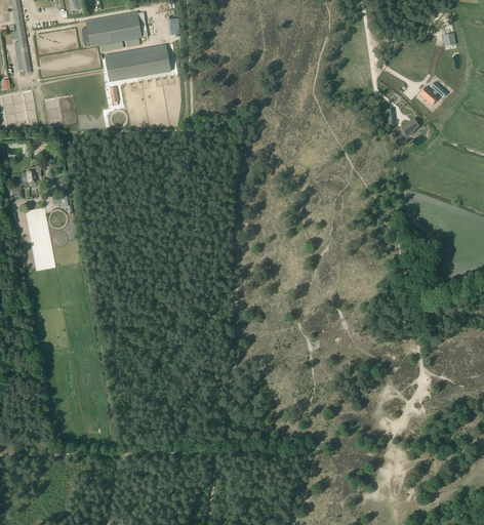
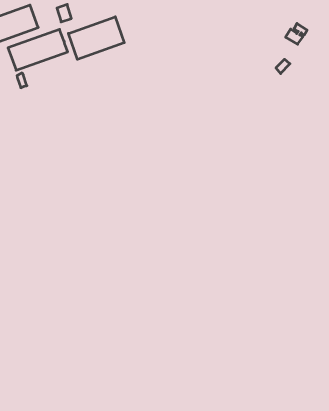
building: none -> [68,17,124,59]

